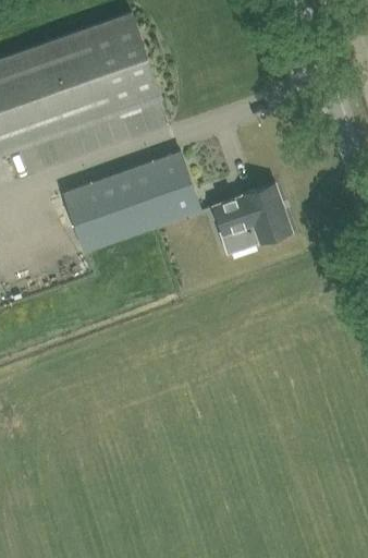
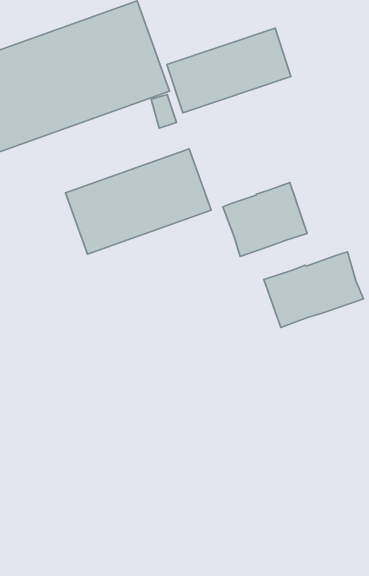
building: none -> [167,28,291,113]
building: none -> [264,252,363,327]

